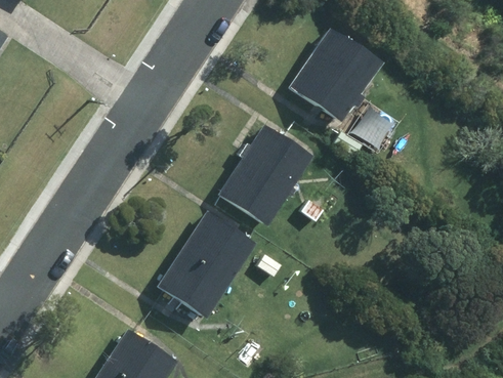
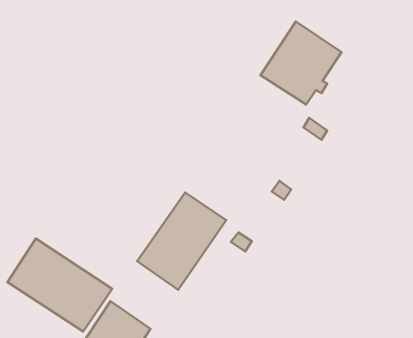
building: [220,124,310,223] -> none
building: none -> [7,238,112,332]

